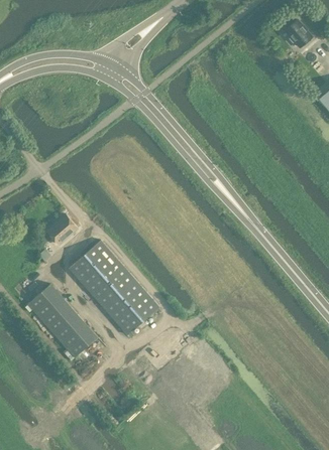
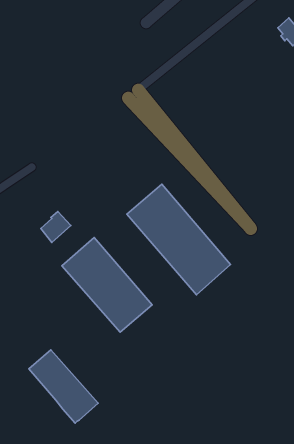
building: none -> [127,184,231,295]
building: [27,284,97,357] -> [29,350,98,423]

